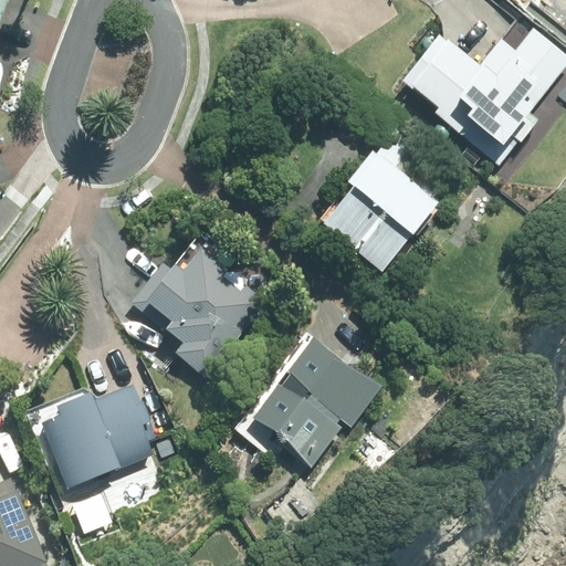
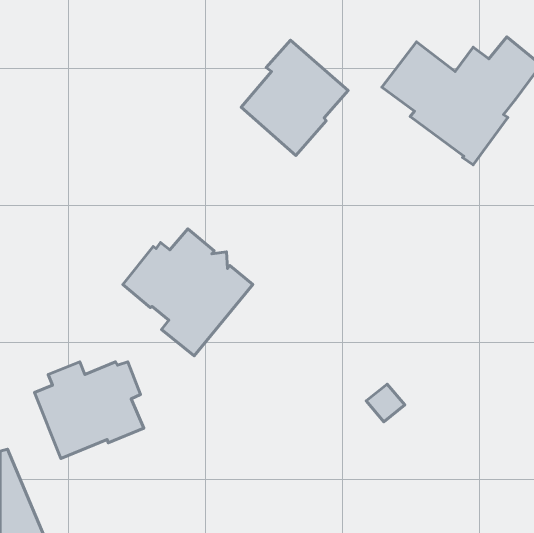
building: [322,147,434,269] -> [241,40,348,156]
building: [251,332,381,467] -> none

